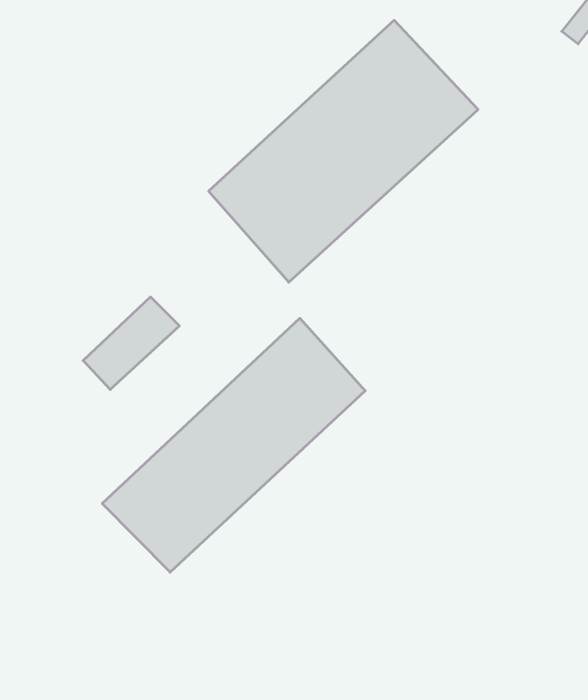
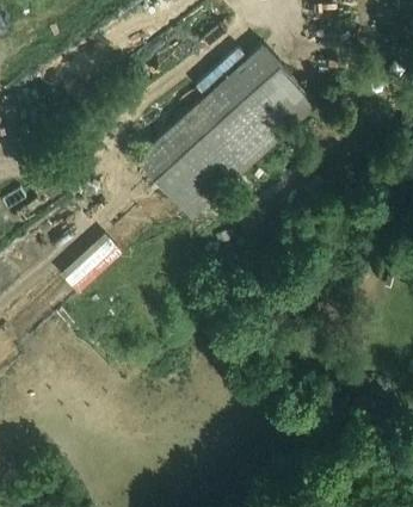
building: [102,318,365,572] -> none

